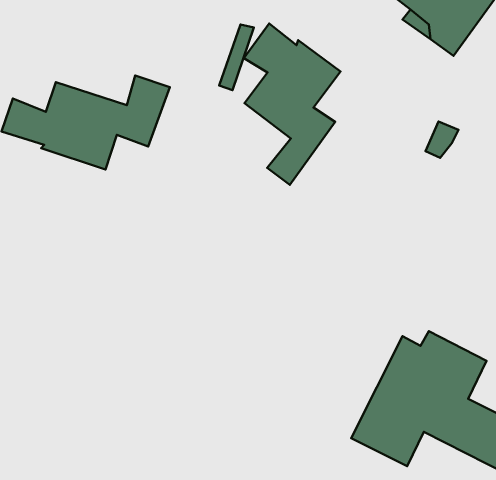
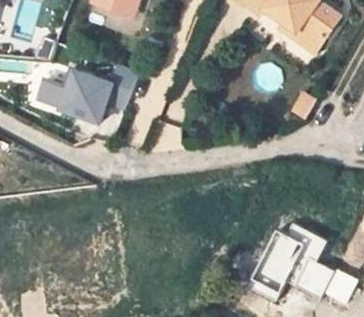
building: [244,23,340,185] -> none

